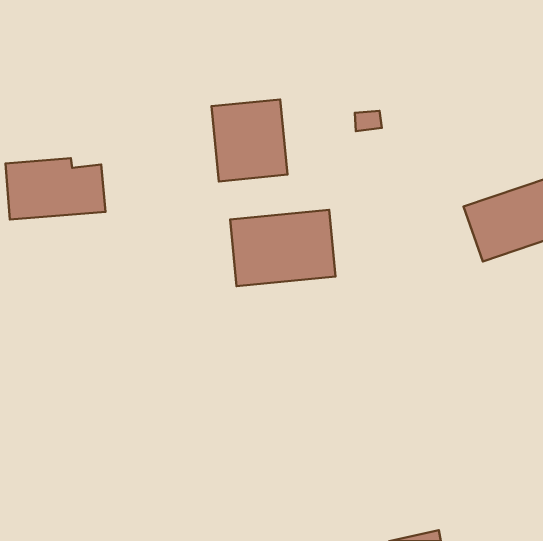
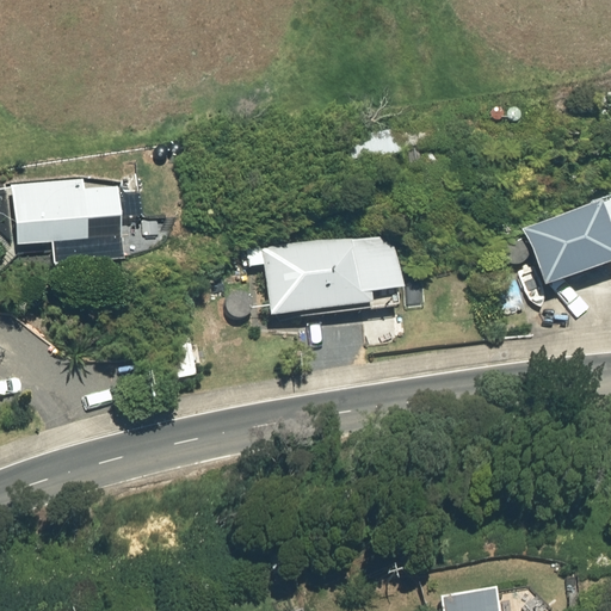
building: [212,99,288,181] -> none

